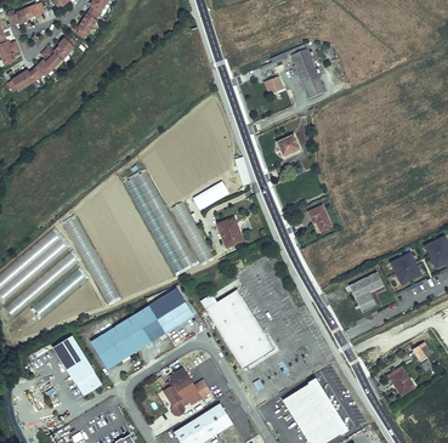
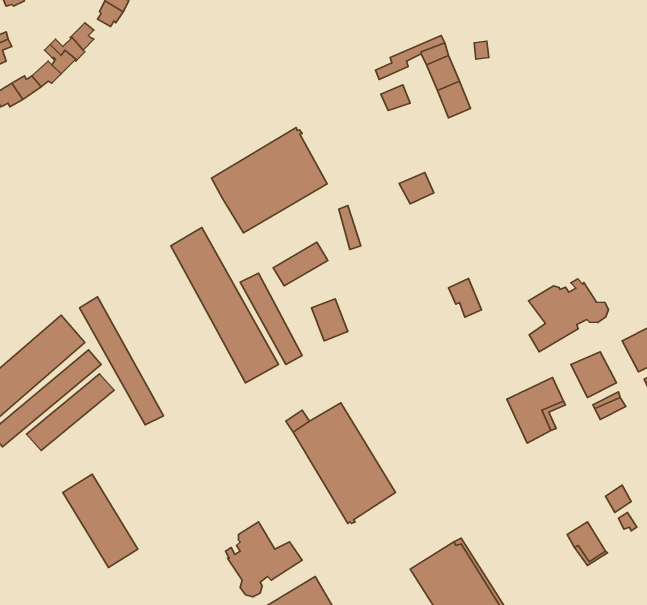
building: none -> [212,128,327,233]
building: none -> [529,279,609,352]
building: [91,289,193,369] -> none

